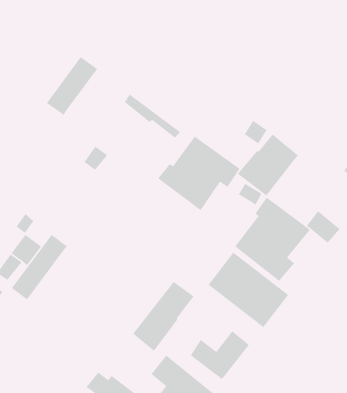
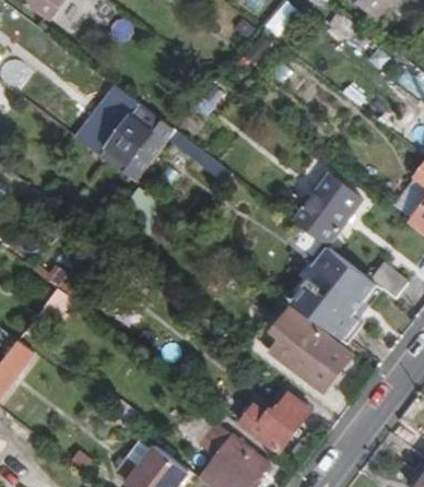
building: none -> [105,104,169,174]
building: [157,135,241,211] -> none
building: [11,234,68,300] -> none
building: [132,281,195,352] -> none

